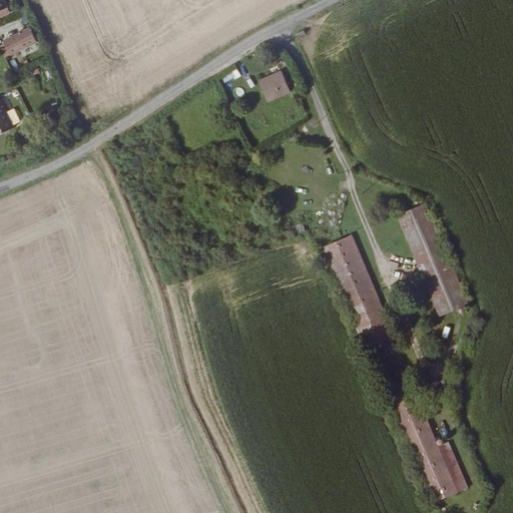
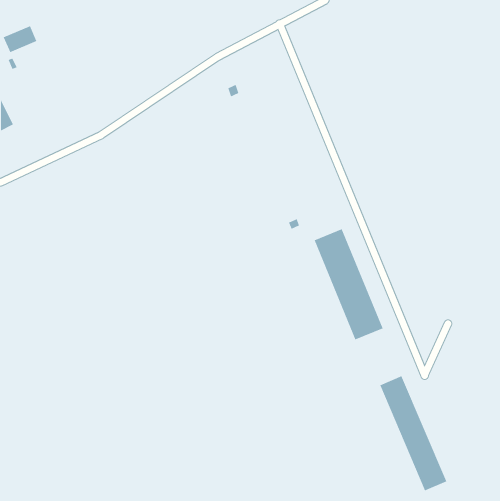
building: [261,70,290,100] -> none
building: [398,201,470,317] -> none

